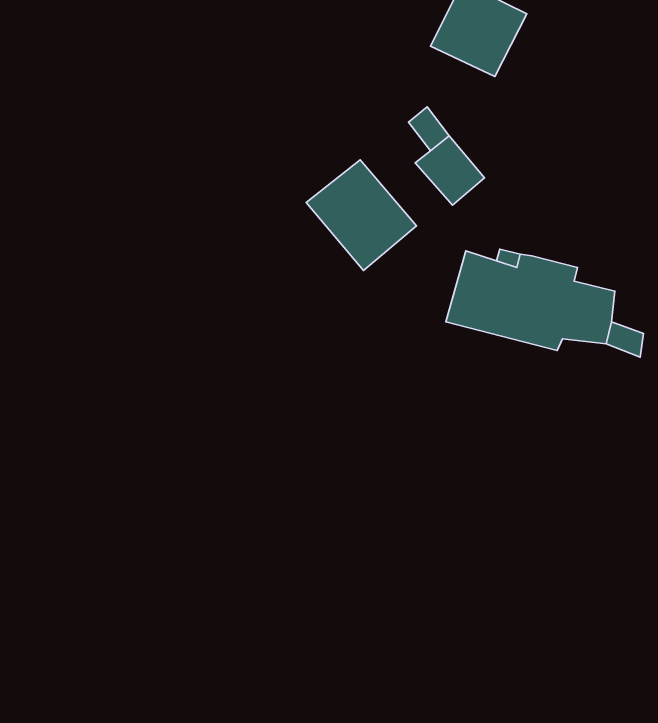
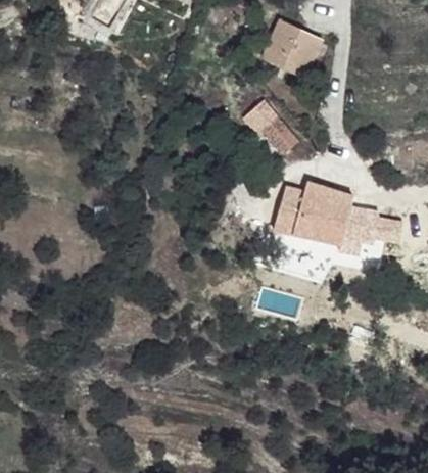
building: [306,160,416,270] -> none

